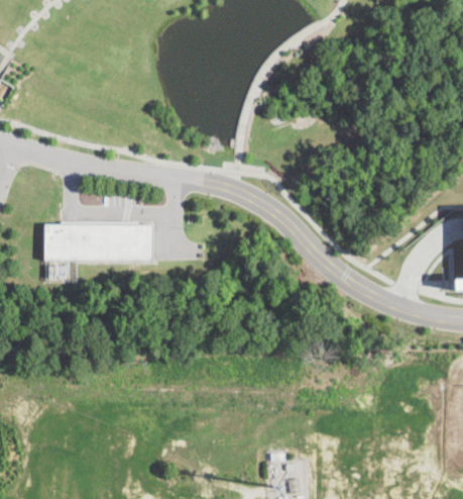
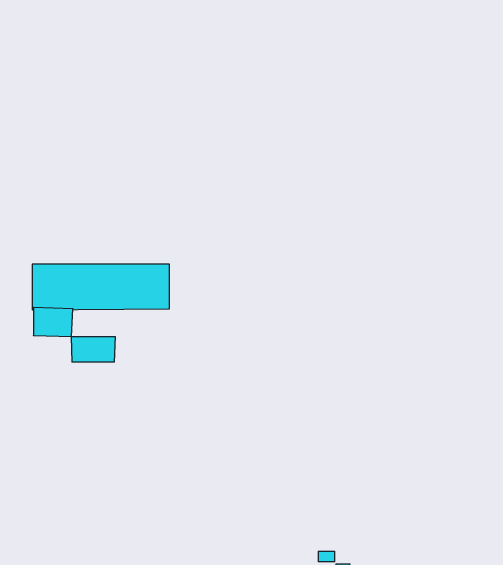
building: none -> [72,337,115,362]

